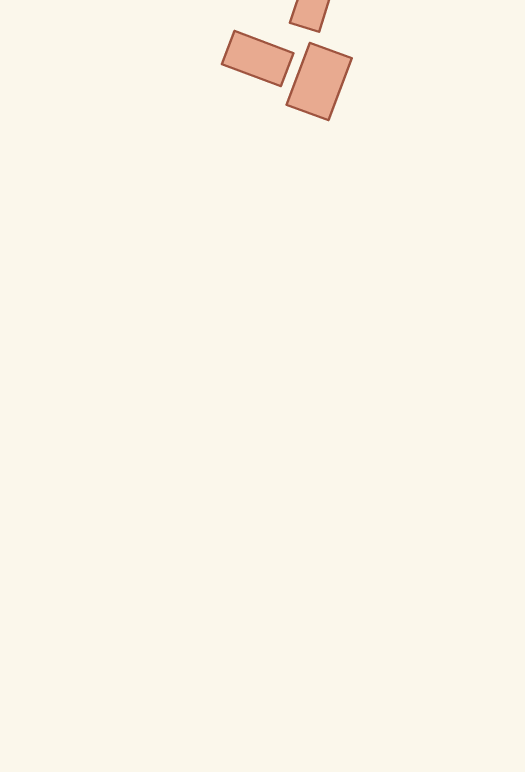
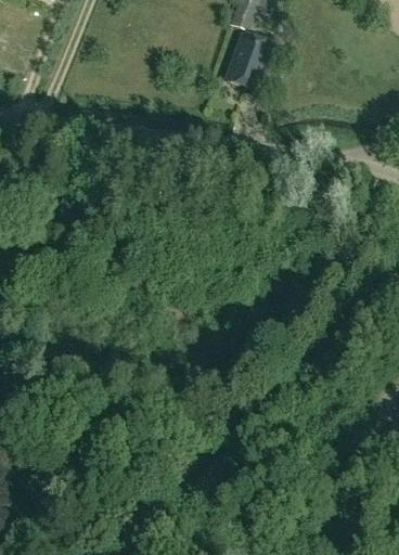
building: [222,31,293,86] -> none

